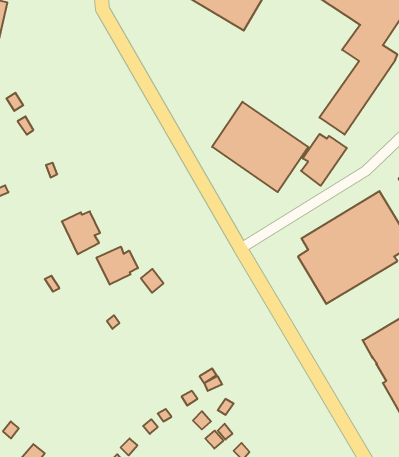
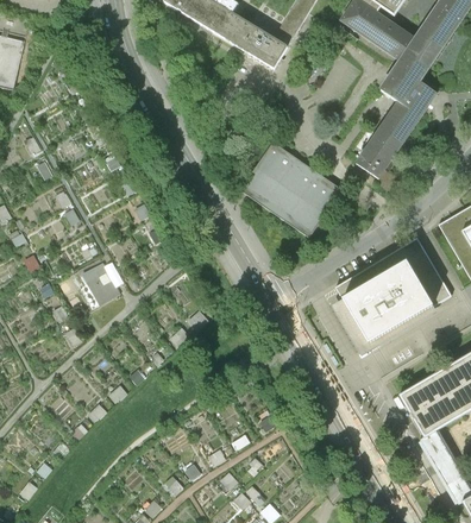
building: [301,134,347,186] -> none
building: [97,247,138,285] -> none

